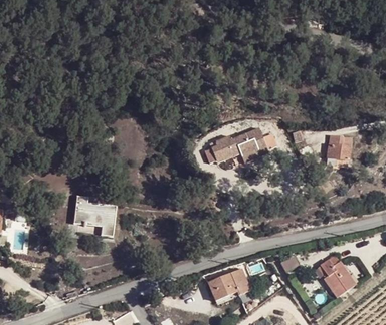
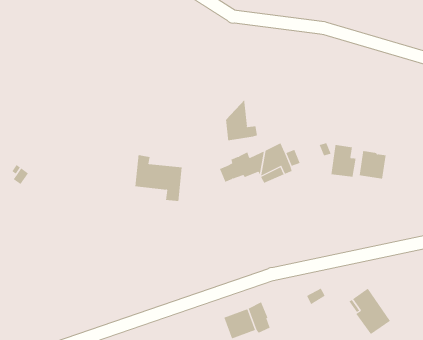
building: none -> [226,99,257,141]
building: none -> [331,144,356,178]
building: [73,196,116,237] -> [134,155,182,201]

